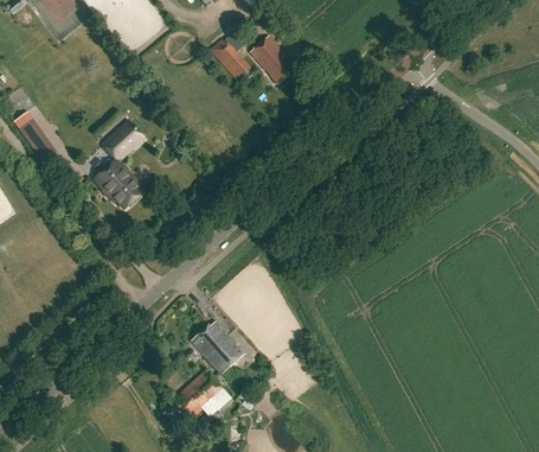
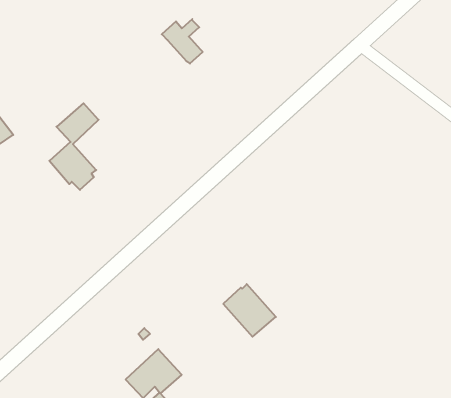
building: [250,36,295,84] -> none
building: [191,320,244,374] -> [223,284,276,337]

